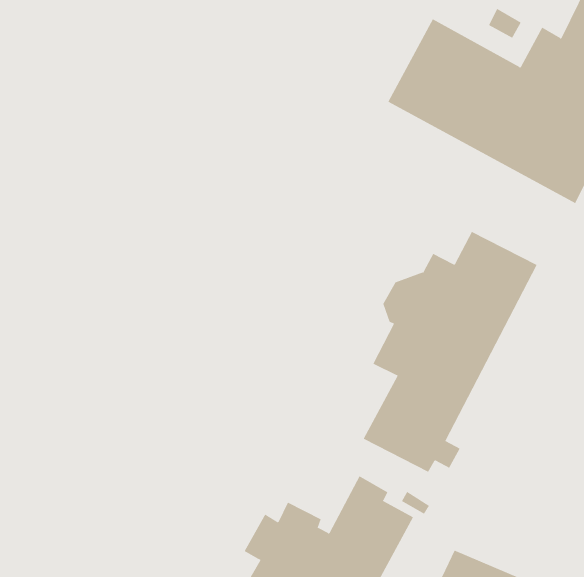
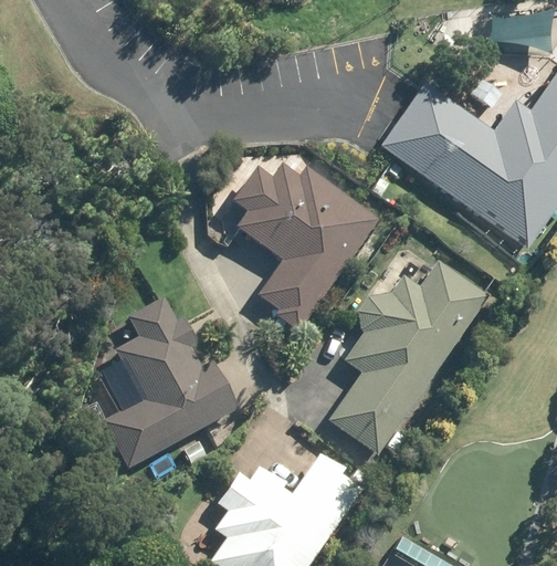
building: none -> [232,163,377,333]
building: none -> [102,295,239,468]

